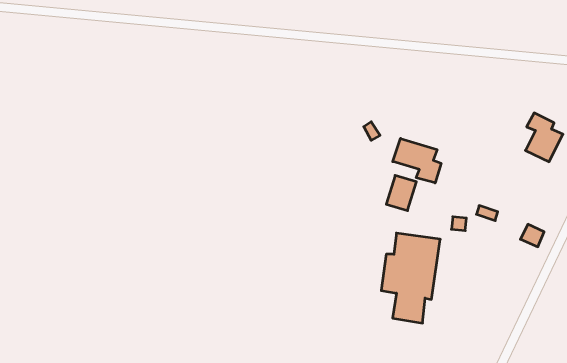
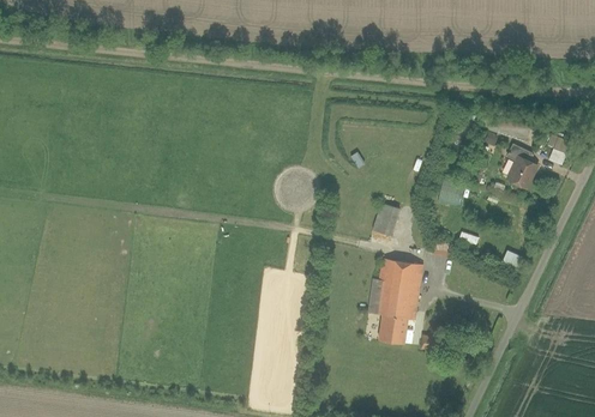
building: [393,138,441,183] -> none

